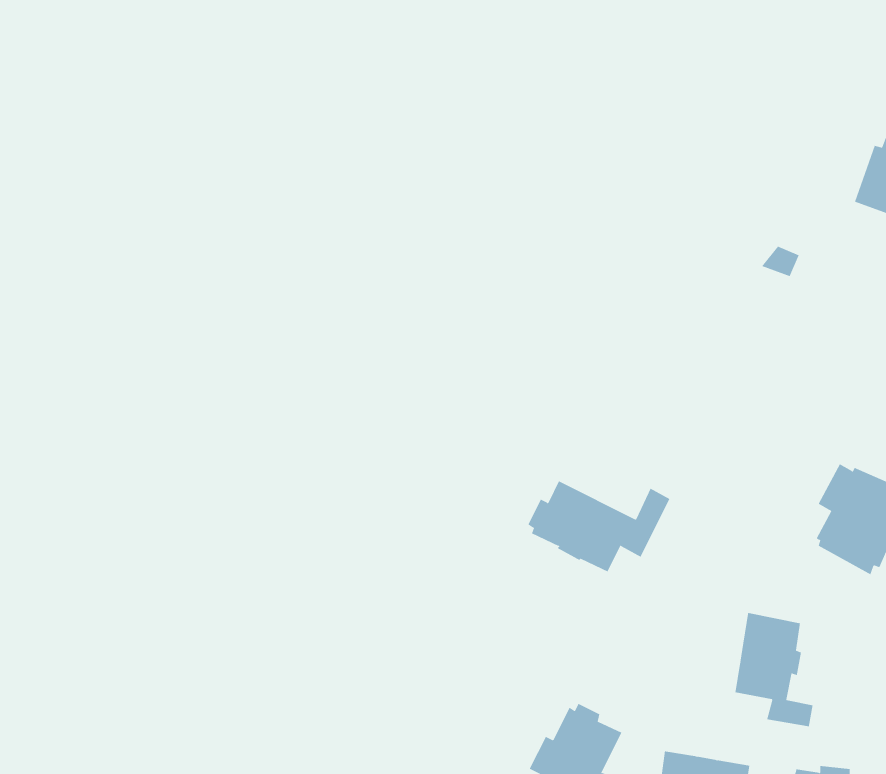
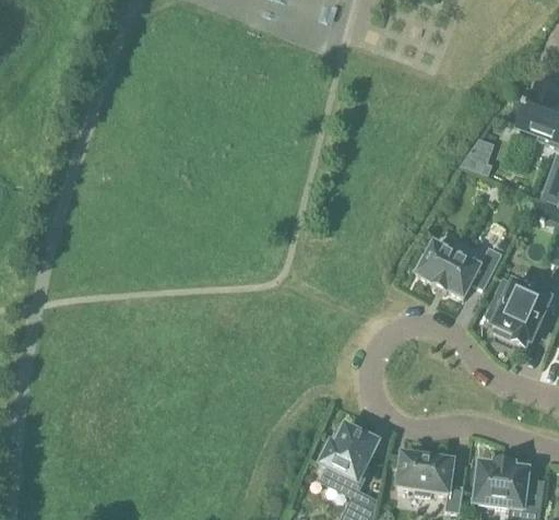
building: [528,481,670,572] -> [415,241,500,296]
building: [735,612,813,727] -> none

